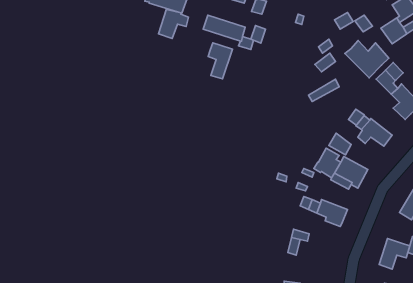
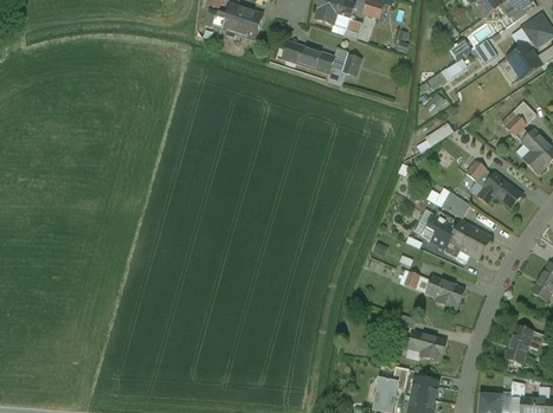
building: [158,9,189,39] -> none
building: [345,41,389,78] -> none
building: [208,43,232,79] -> none
building: none -> [407,330,445,361]

